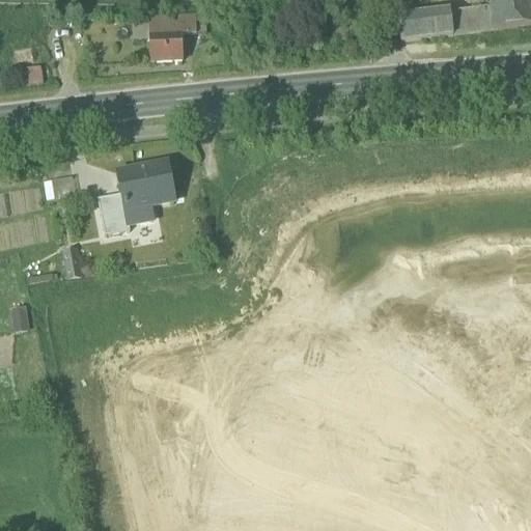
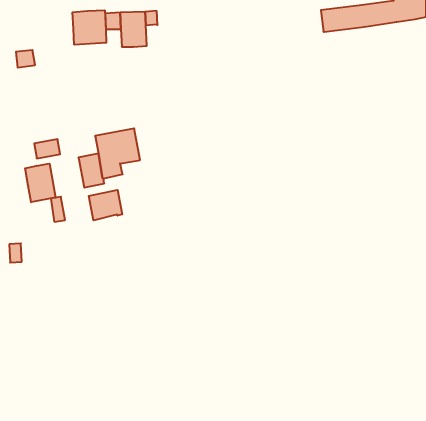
building: none -> [73,10,106,45]
building: none -> [25,164,56,202]
building: none -> [89,190,122,220]

